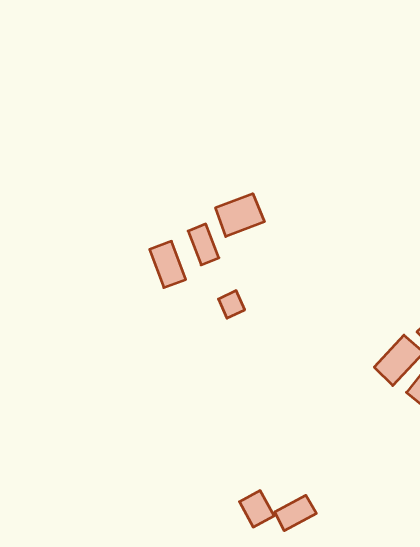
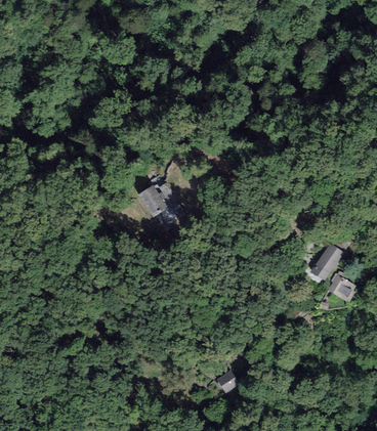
building: [216,194,264,237] -> none
building: [275,495,316,531] -> none

